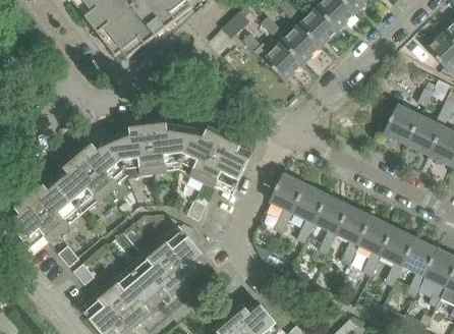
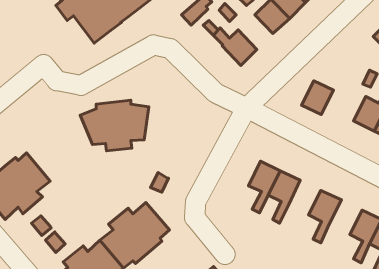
building: [282,27,320,65] -> none
building: [386,106,420,143] -> [302,81,333,115]
building: [180,126,251,188] -> none
building: [53,136,124,208] -> none
building: [271,175,306,232] -> none
building: [337,207,372,264] -> none
building: [381,228,416,286] -> none

